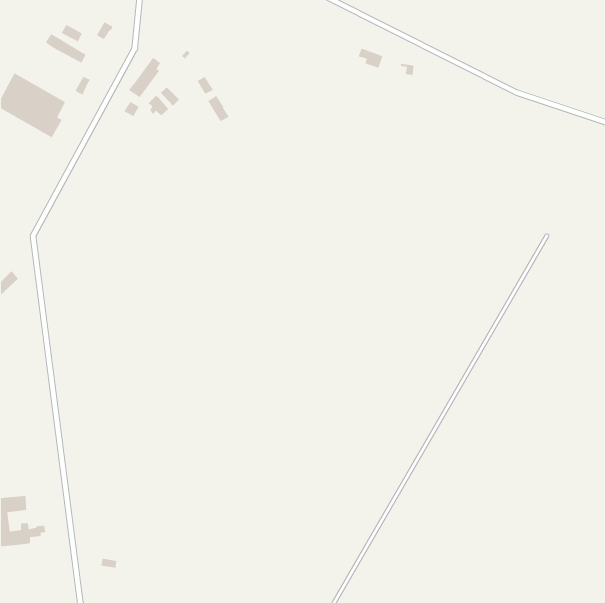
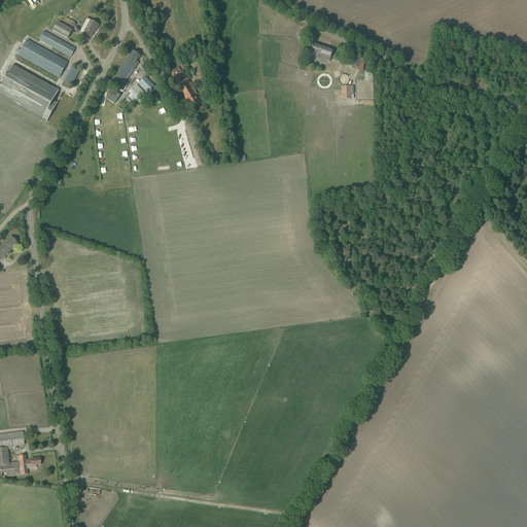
building: none -> [19,38,68,76]

